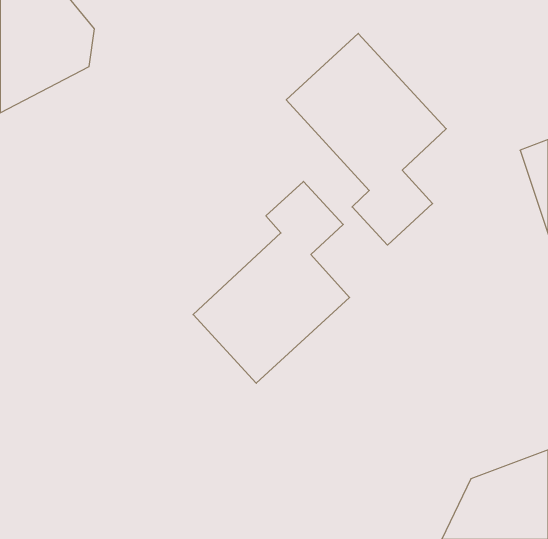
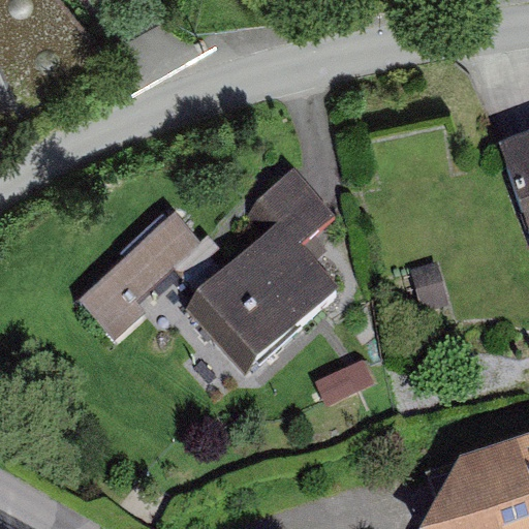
building: [286,33,446,245] -> none
building: none -> [74,211,198,341]

